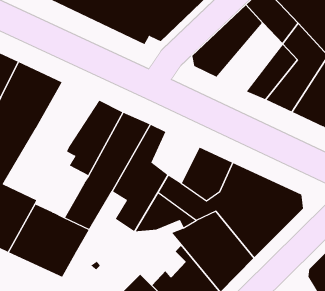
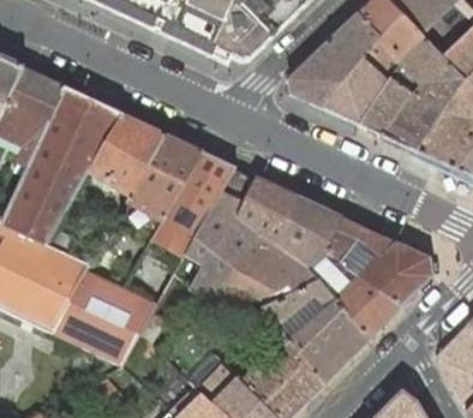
building: none -> [321,36,405,124]
building: none -> [89,112,169,193]
building: none -> [238,175,298,241]

